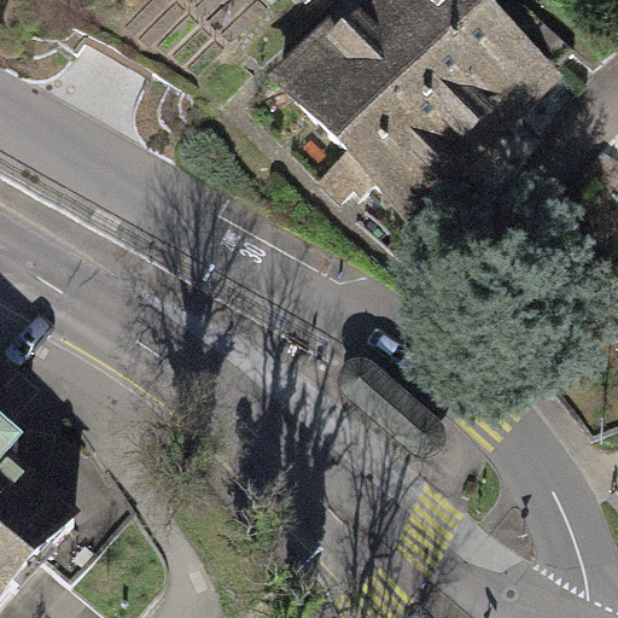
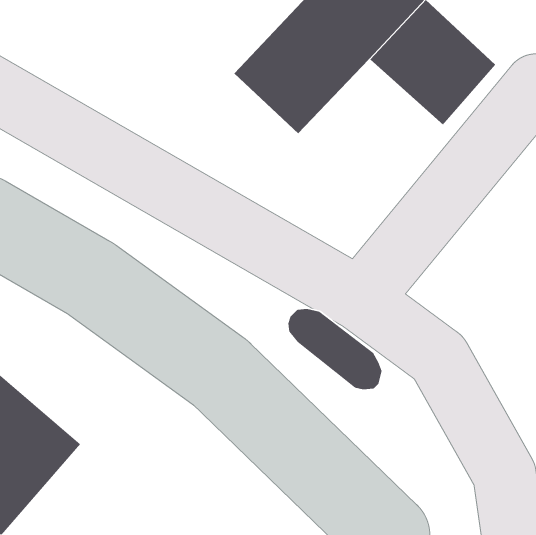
building: [333,66,495,228] -> none

